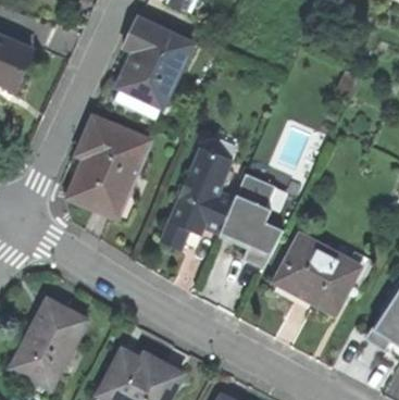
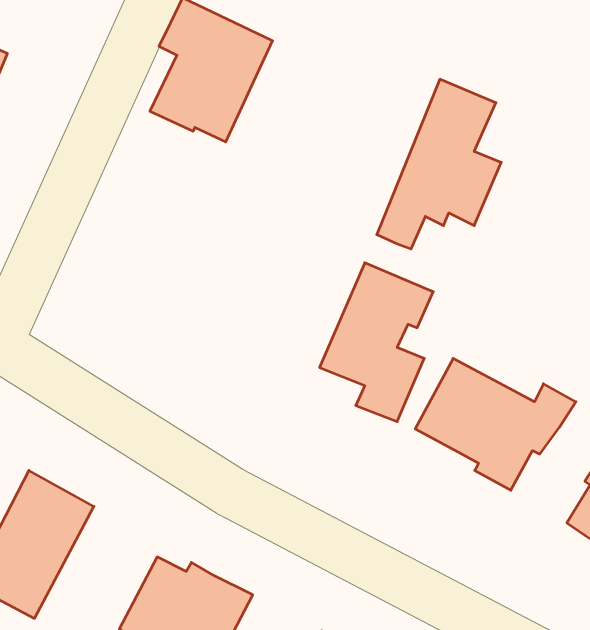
building: [68,115,149,218] -> none
building: [160,145,235,247] -> [377,79,501,249]

